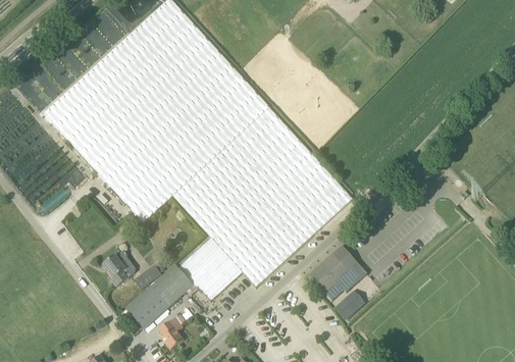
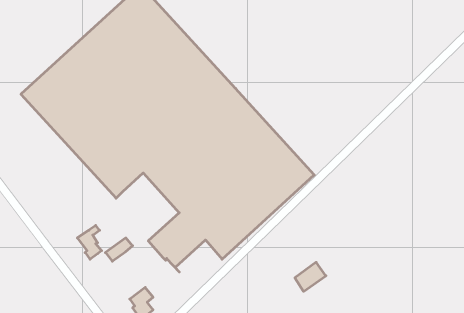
building: [308,245,366,293] -> none
building: [125,265,193,328] -> none

